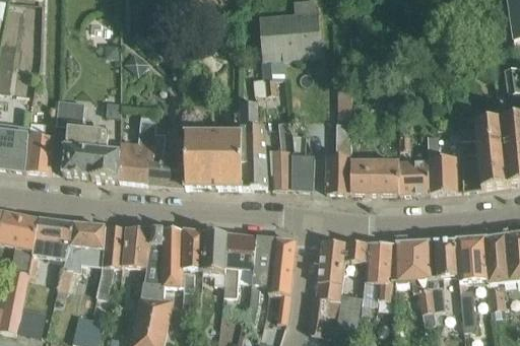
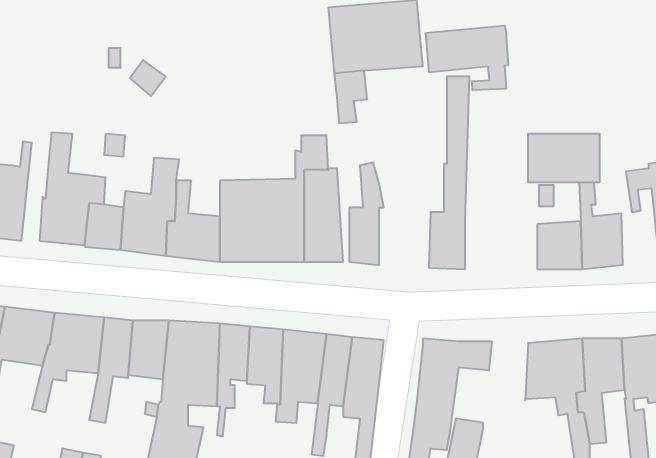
building: none -> [426,26,508,90]
building: [292,135,316,191] -> none
building: [350,160,399,193] -> [528,134,600,182]
building: [365,241,393,299] -> none

